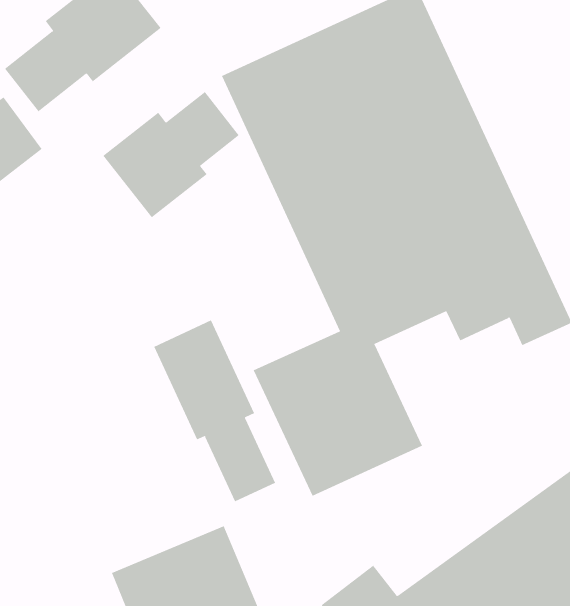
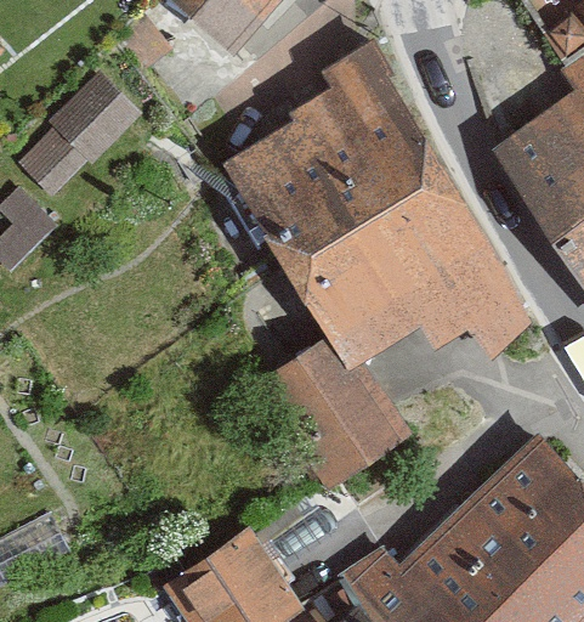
building: [103,91,240,218] -> none
building: [153,320,276,502] -> none

